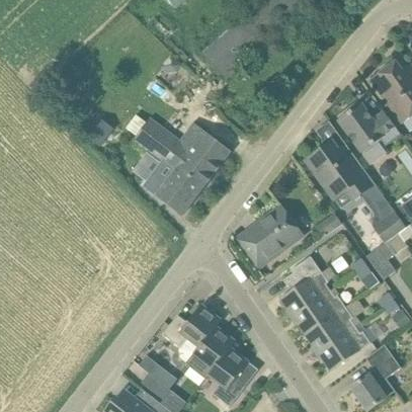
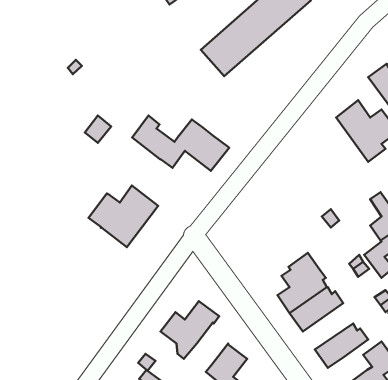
building: [306,144,375,198] -> none
building: [143,153,213,215] -> [89,185,158,247]
building: [236,205,303,267] -> none
building: [305,306,355,352] -> none
building: [185,325,235,368] -> none

